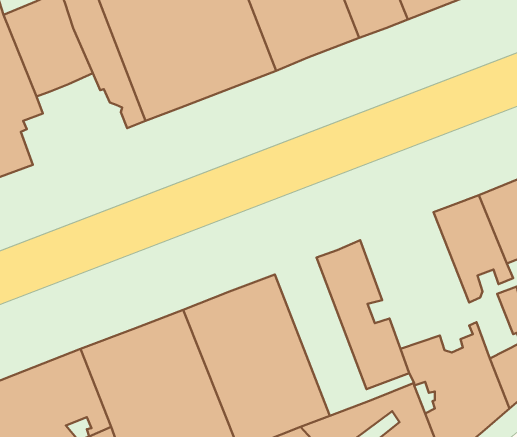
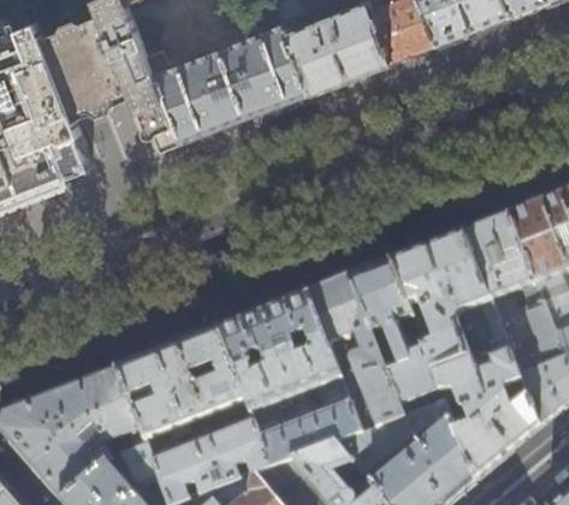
building: none -> [391,232,505,367]
building: none -> [307,277,402,433]

